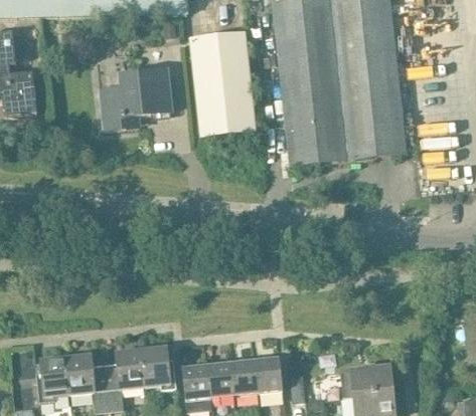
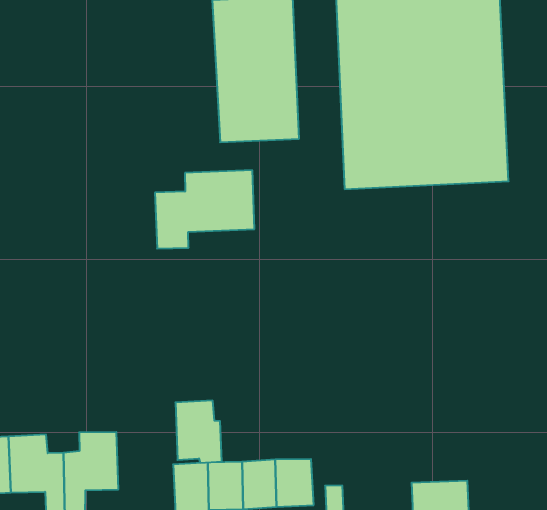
building: [101,69,172,129] -> [155,170,254,249]
building: [142,344,177,388] -> [175,401,222,463]

